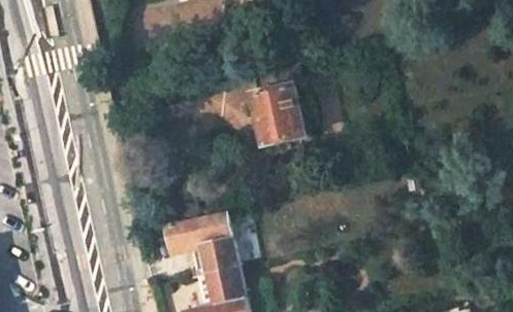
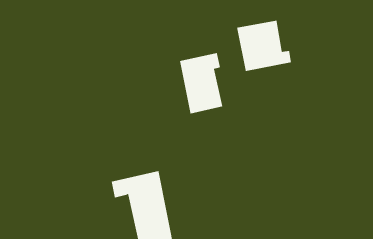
building: none -> [236,20,292,72]

